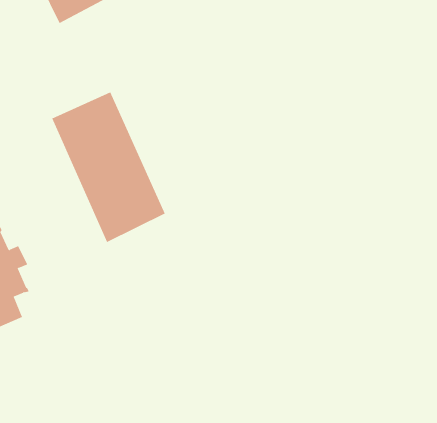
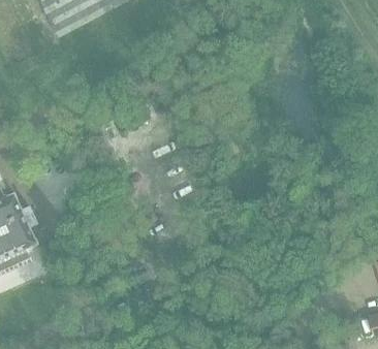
building: [51,91,165,243] -> none

